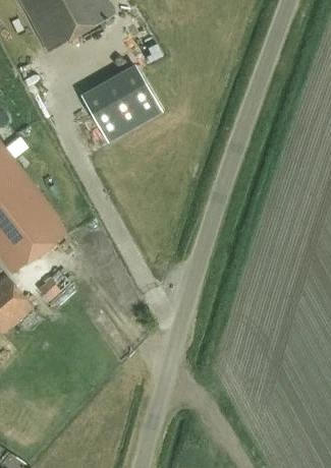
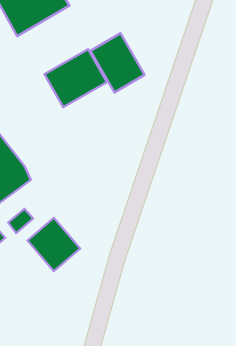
building: none -> [91,33,145,92]
building: none -> [28,218,80,271]

